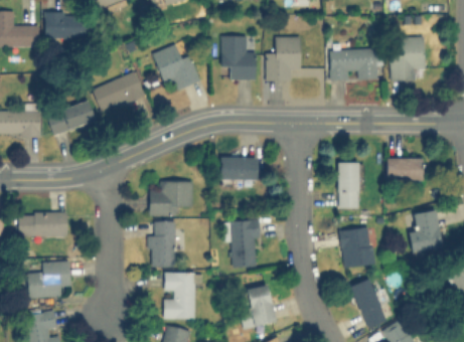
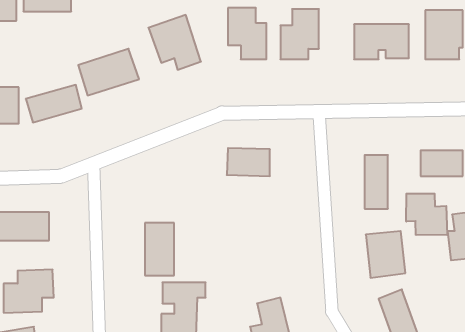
building: [150,181,191,216] -> none
building: none -> [406,194,447,235]
building: [225,221,259,267] -> none

